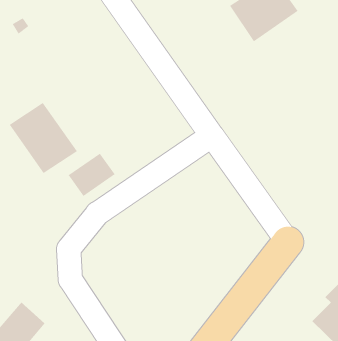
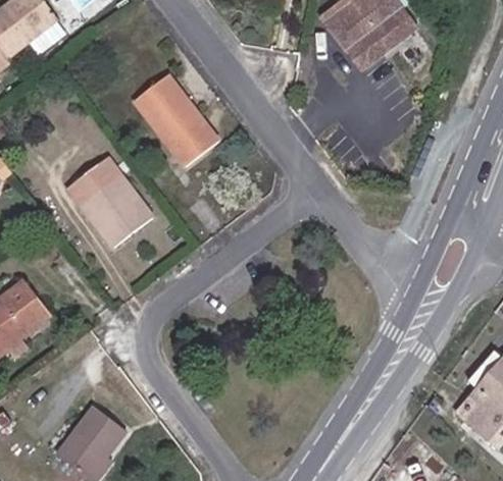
building: none -> [134,74,218,167]
building: [68,153,116,197] -> none

